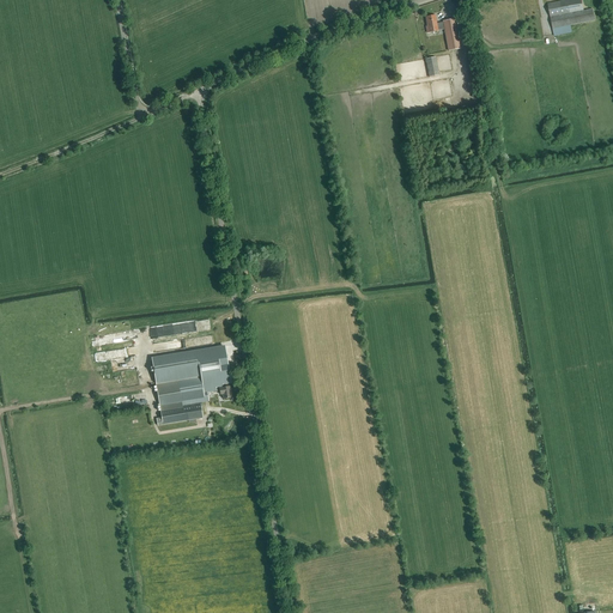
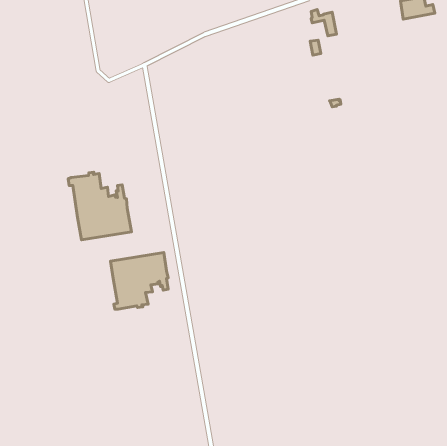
building: none -> [68,172,132,240]

